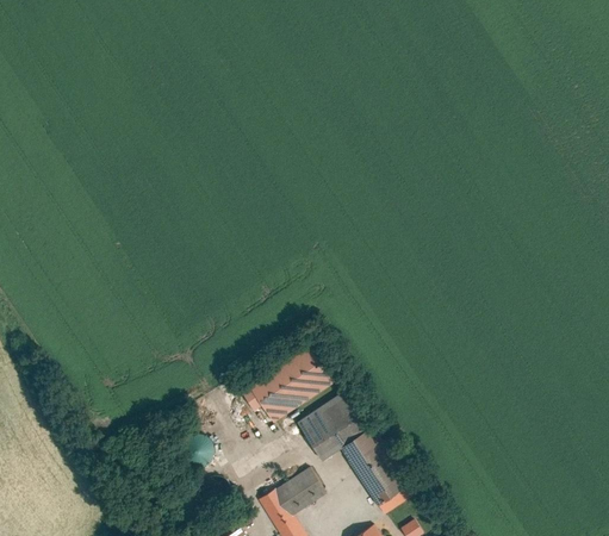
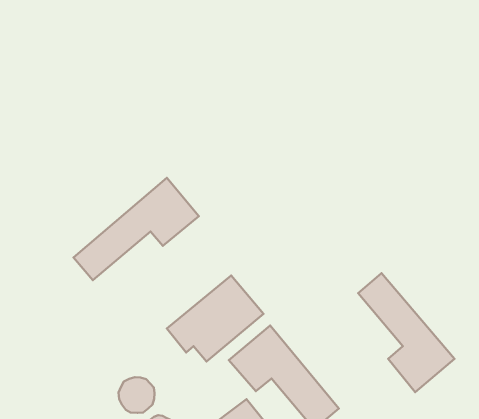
building: none -> [74,178,199,280]
building: none -> [358,273,455,392]

